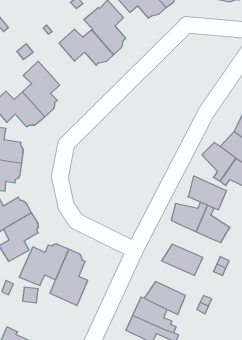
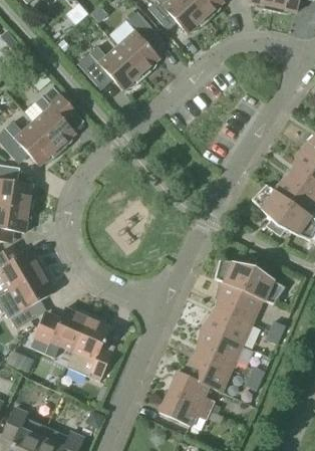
building: [188,176,227,210] -> [215,282,262,323]
building: none -> [195,327,242,370]

